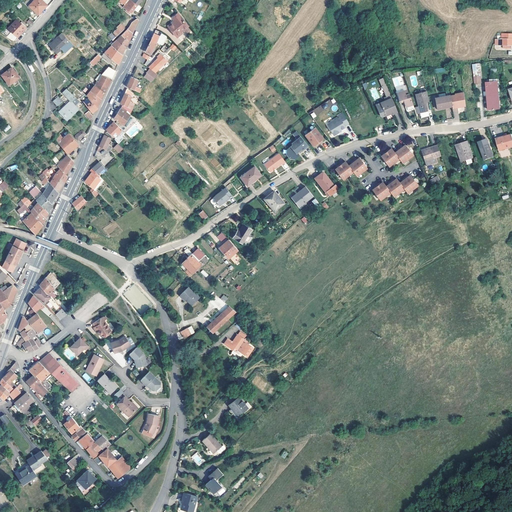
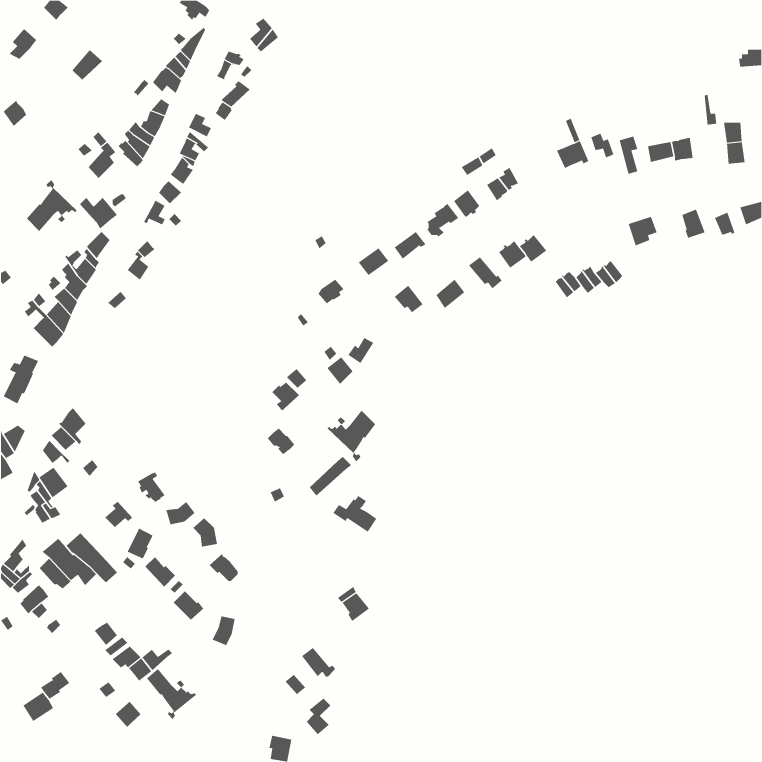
building: none -> [26,179,78,232]
building: [381,145,413,167] -> none
building: none -> [327,410,376,462]

